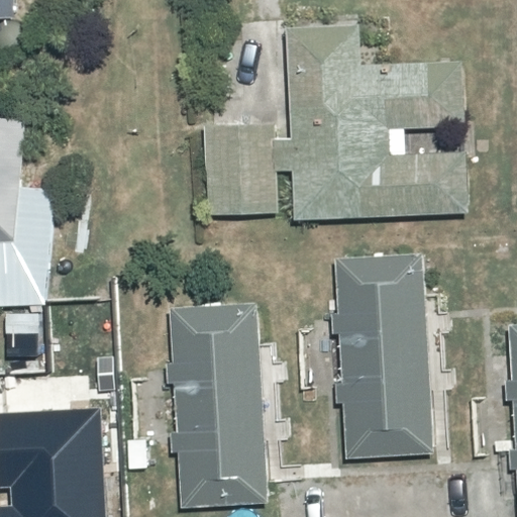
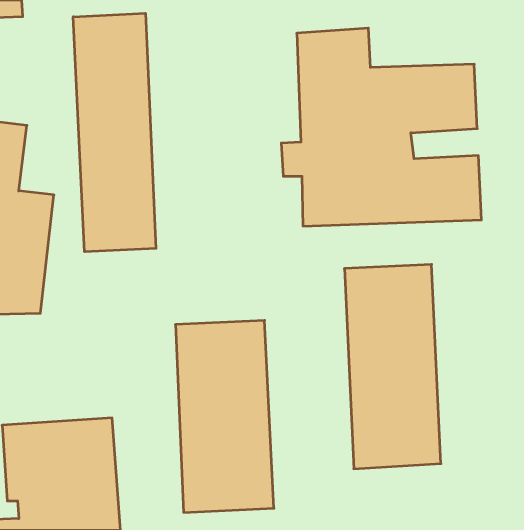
building: none -> [73,13,156,252]
building: [203,125,278,214] -> none

